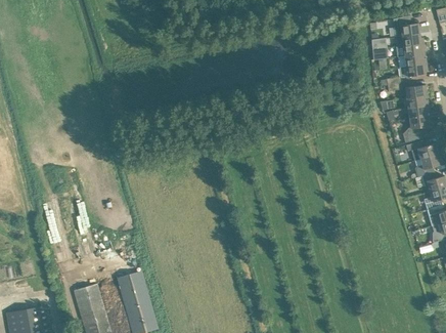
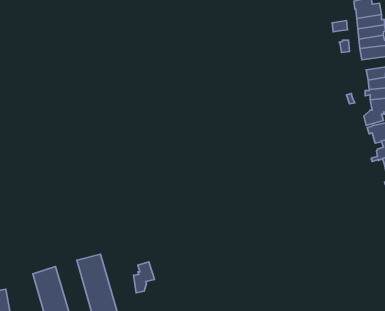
building: none -> [133,262,155,293]

